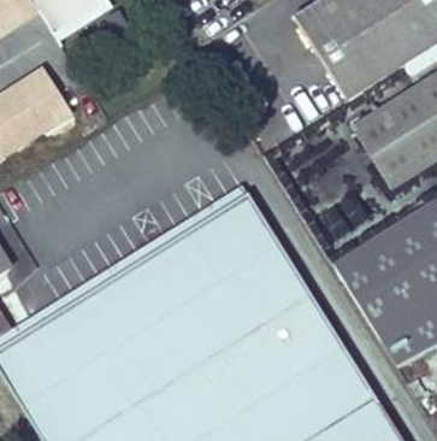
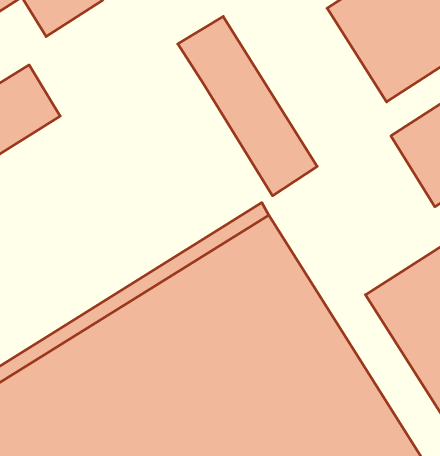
building: none -> [178,16,317,196]

